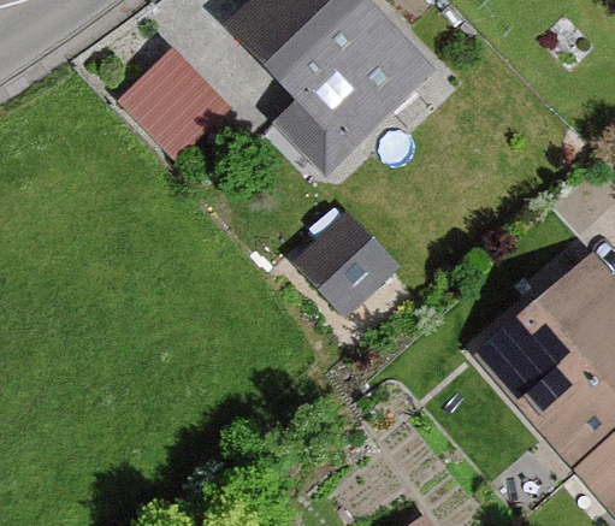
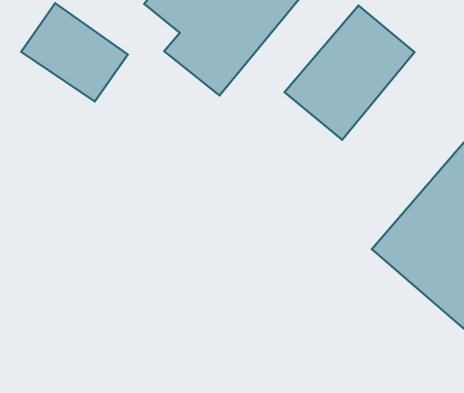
building: none -> [284,5,415,140]
building: [289,214,392,317] -> none

